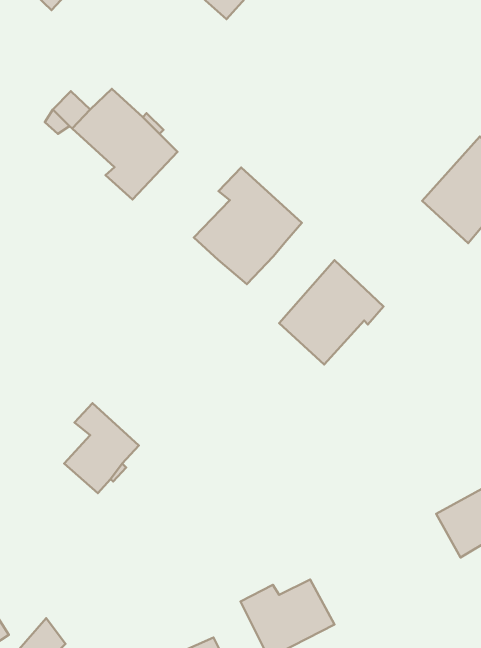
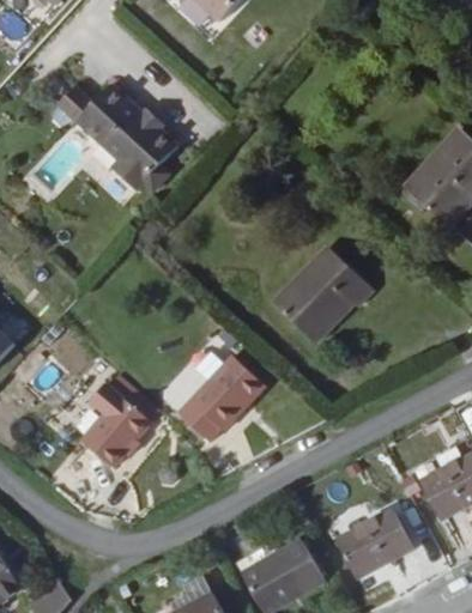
building: [194,167,302,284] -> none
building: none -> [177,357,264,442]
building: none -> [334,512,411,582]

